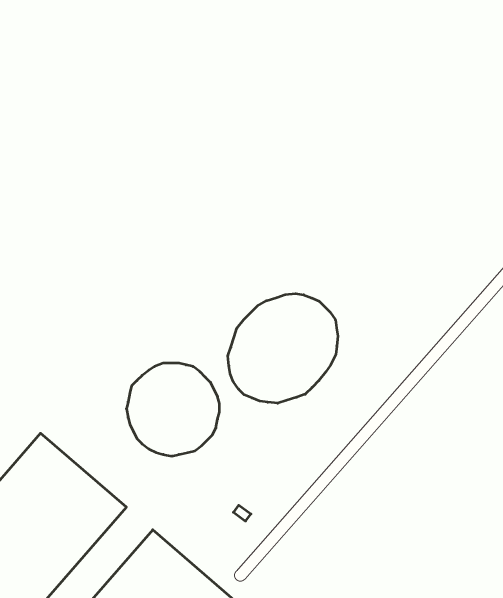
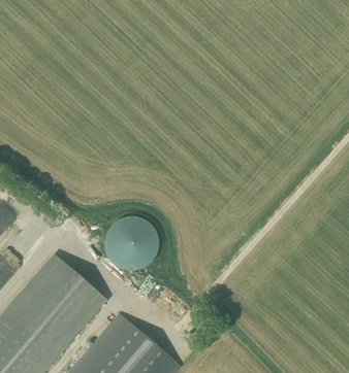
building: [228,294,338,403] -> none

